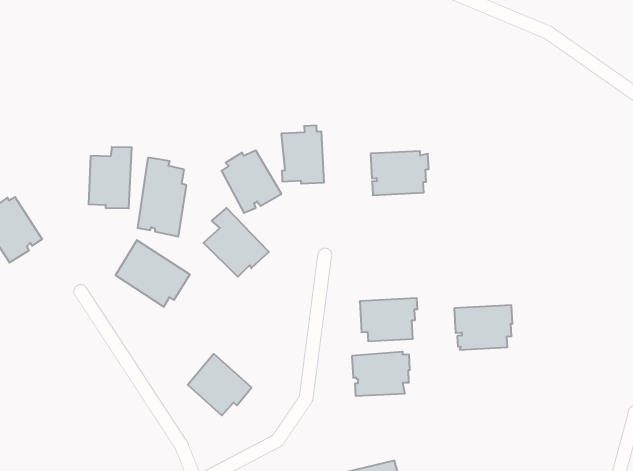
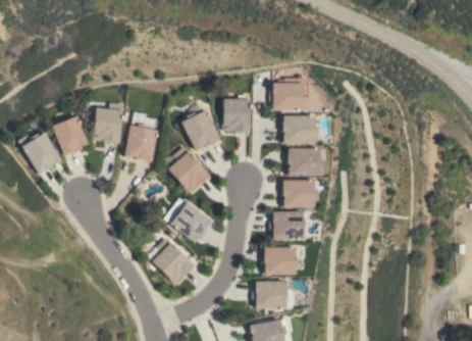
building: none -> [272,78,309,110]
building: none -> [53,115,90,156]
building: none -> [286,147,322,176]
building: [116,240,190,307] -> [164,197,213,242]
building: [454,305,512,350] -> [280,180,318,207]
building: none -> [253,282,290,308]

